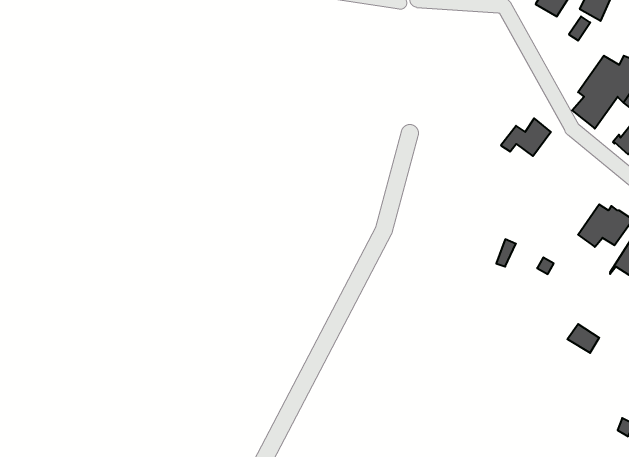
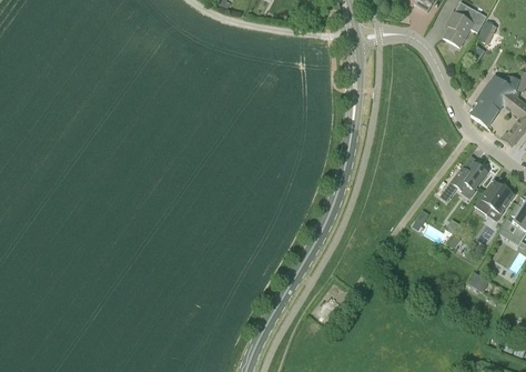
building: [501,118,551,156] -> [451,160,487,188]

